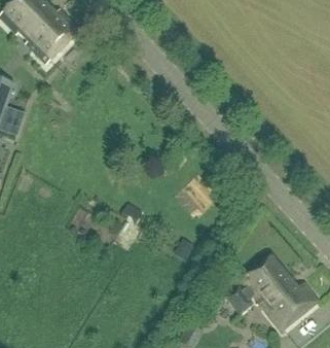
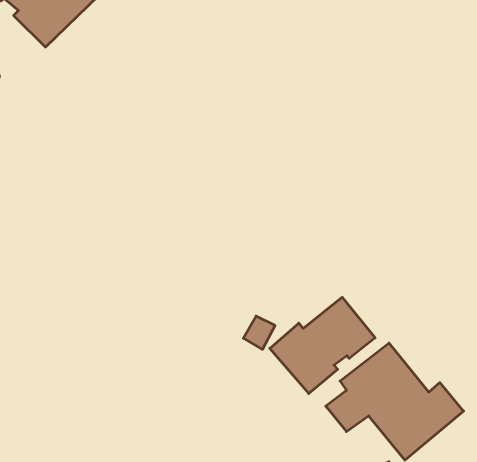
building: none -> [270,297,375,394]

